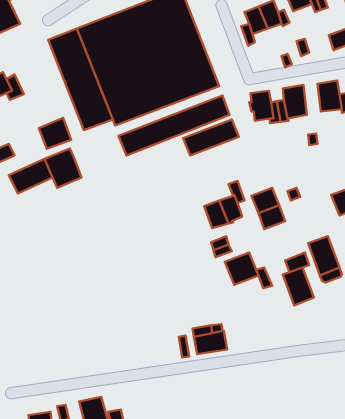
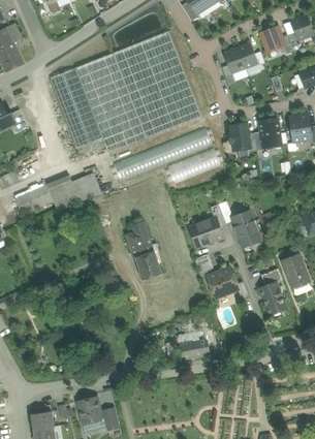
building: [39,118,71,149] -> [71,173,100,200]
building: none -> [125,220,162,279]

